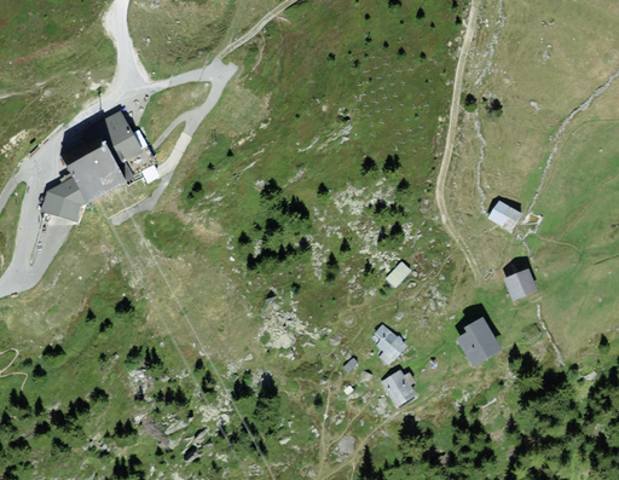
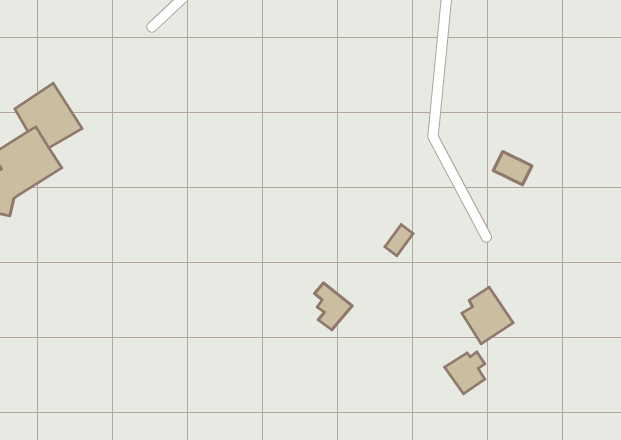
building: [505,270,538,300] -> none
building: [378,324,410,365] -> [315,283,352,330]
building: [382,371,417,406] -> [445,352,485,394]

